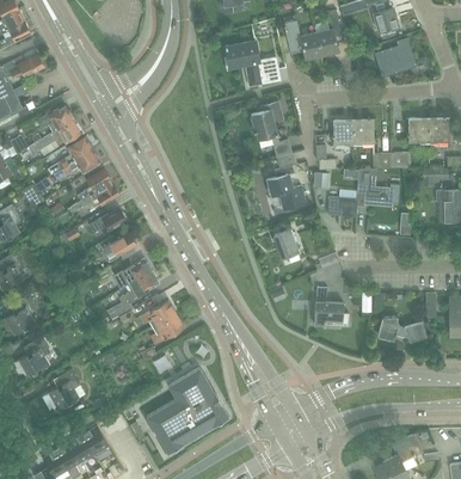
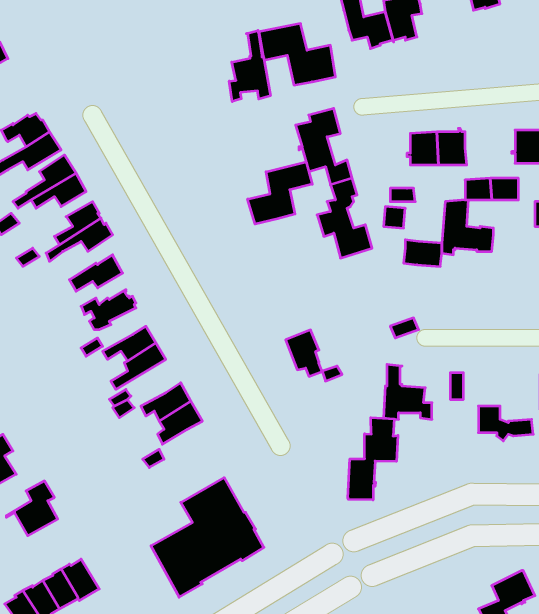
building: [375,39,414,74] -> none
building: none -> [229,30,270,102]
building: none -> [248,162,312,224]
building: [273,229,300,263] -> [286,330,322,376]
building: none -> [348,418,398,500]

